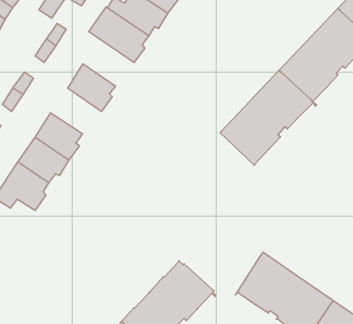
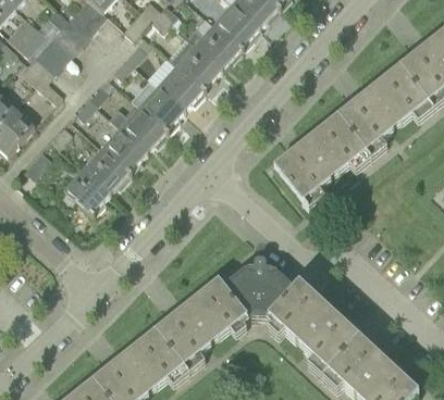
building: none -> [149,57,205,110]
building: none -> [110,105,168,150]
building: none -> [224,259,296,321]

